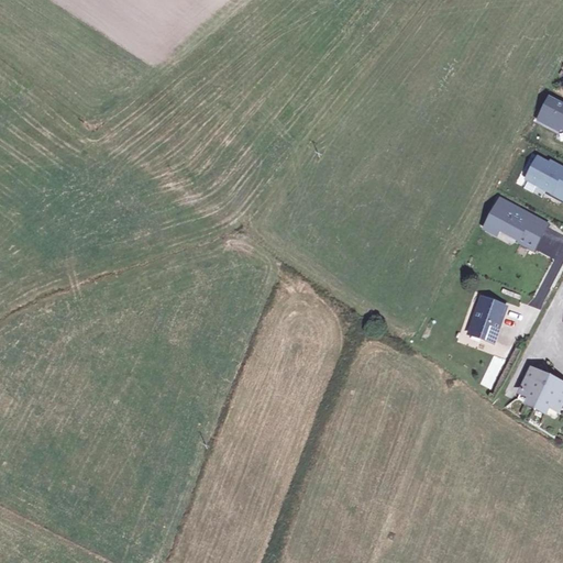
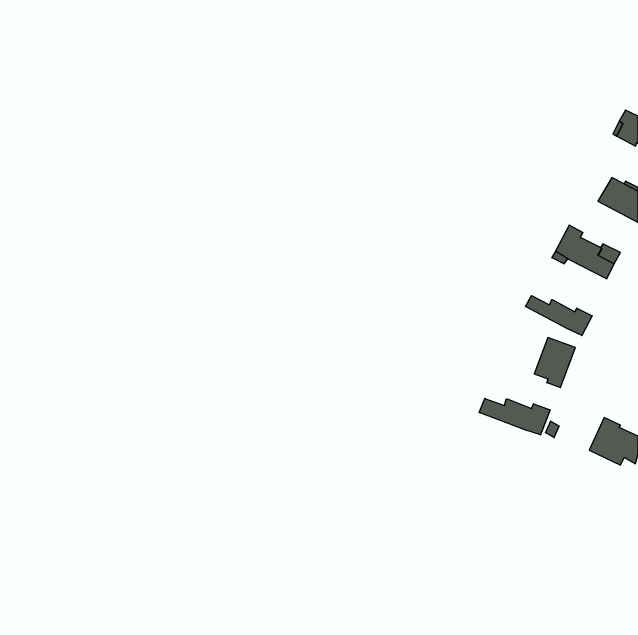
building: none -> [525,296,592,336]
building: none -> [479,398,550,435]

